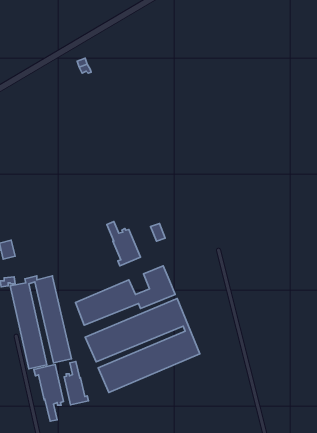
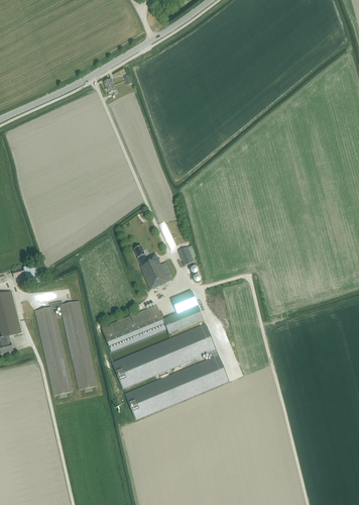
building: [64,361,88,405] -> none
building: [34,365,63,421] -> none

